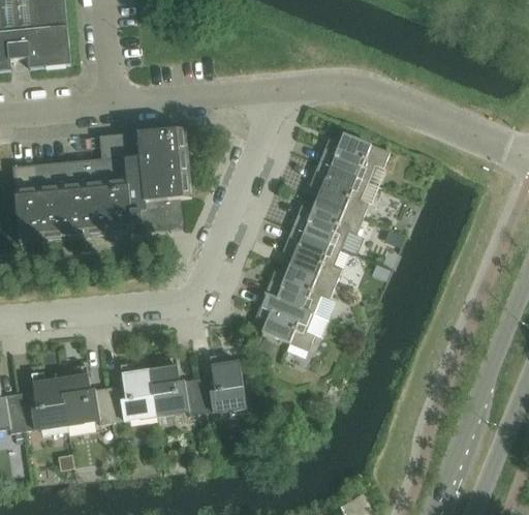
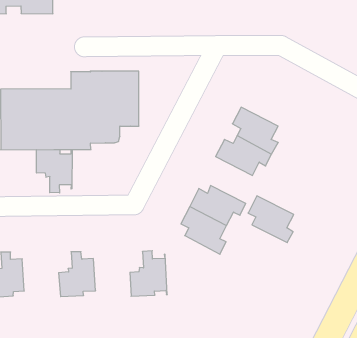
building: [318,132,390,182] -> none
building: [282,228,341,283] -> [248,196,294,243]
building: none -> [36,150,72,193]
building: [149,356,200,416] -> none
building: [59,364,112,424] -> none

